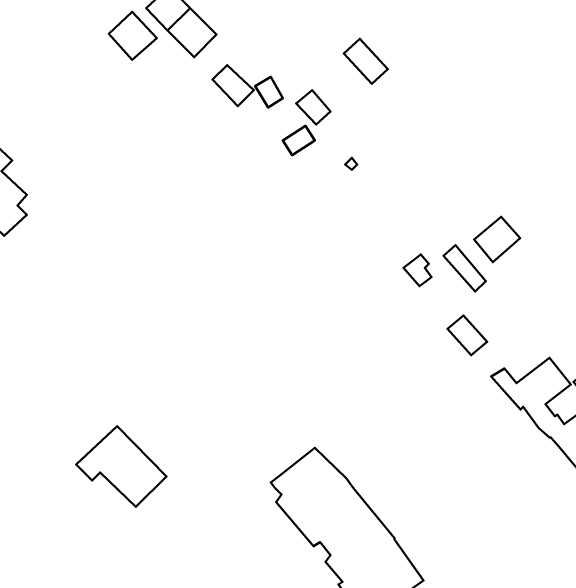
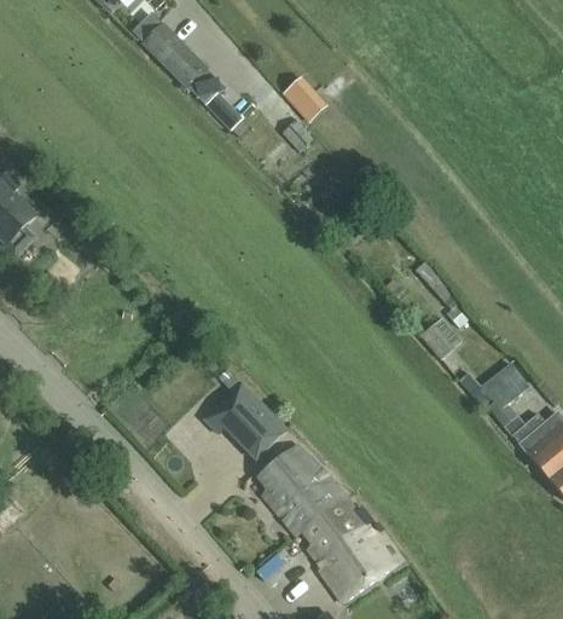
building: [109,12,157,60] -> none
building: [344,39,388,84] -> [283,79,323,120]
building: [474,217,520,262] -> none
building: [76,426,166,507] -> [203,382,285,456]

